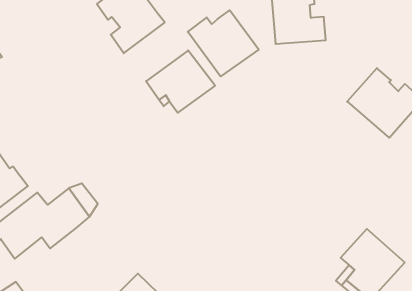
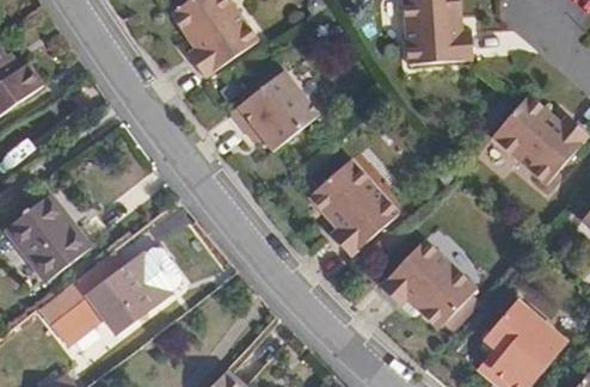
building: [188,10,259,76] -> none
building: none -> [309,160,398,256]
building: none -> [377,239,474,328]

